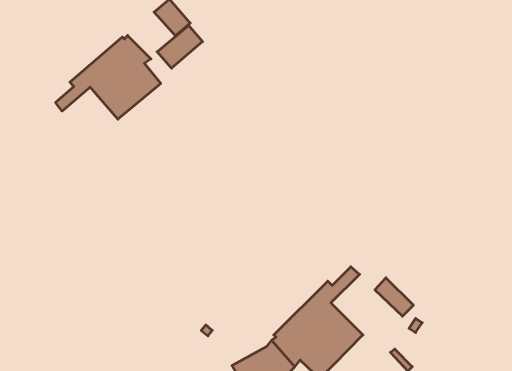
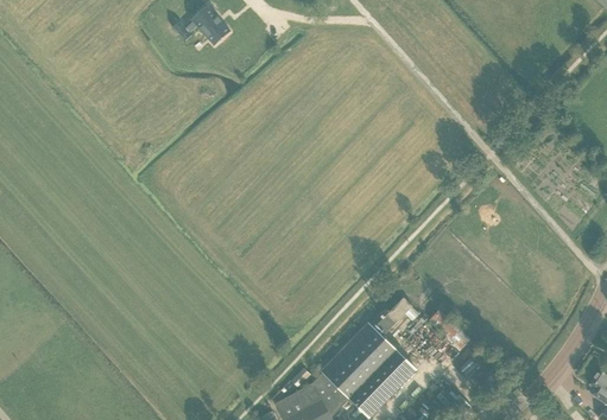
building: [157,25,203,68] -> none
building: [56,35,161,119] -> none

